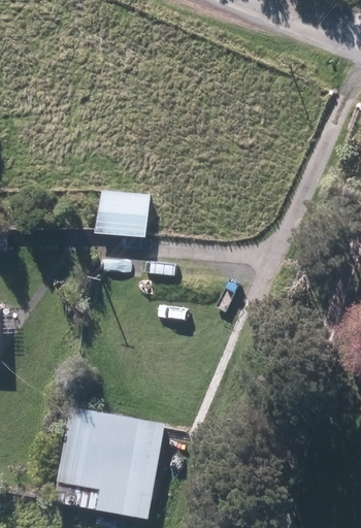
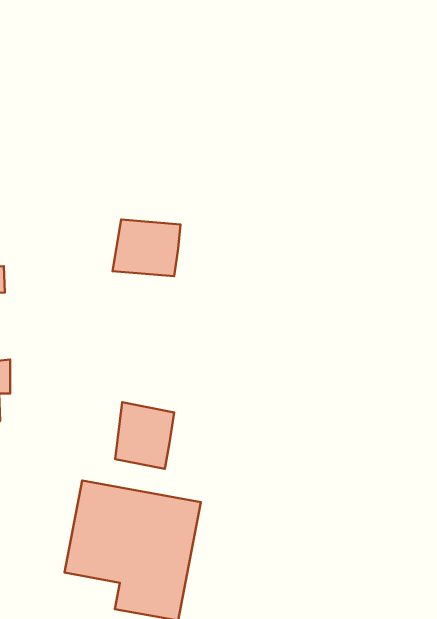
building: none -> [115,402,174,469]

